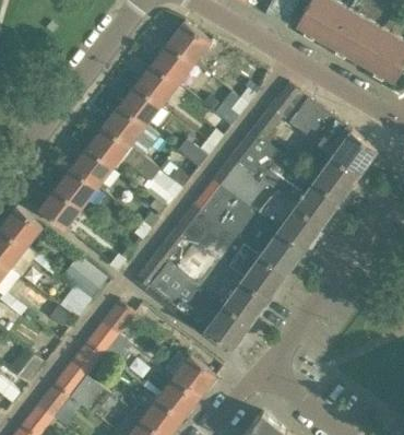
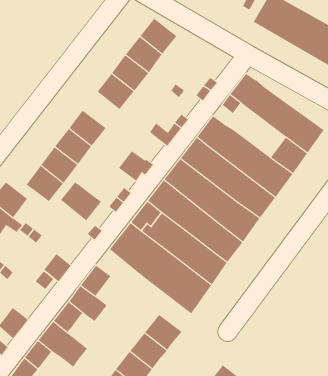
building: [104,104,159,155] -> none
building: [62,255,109,299] -> [60,182,102,221]

